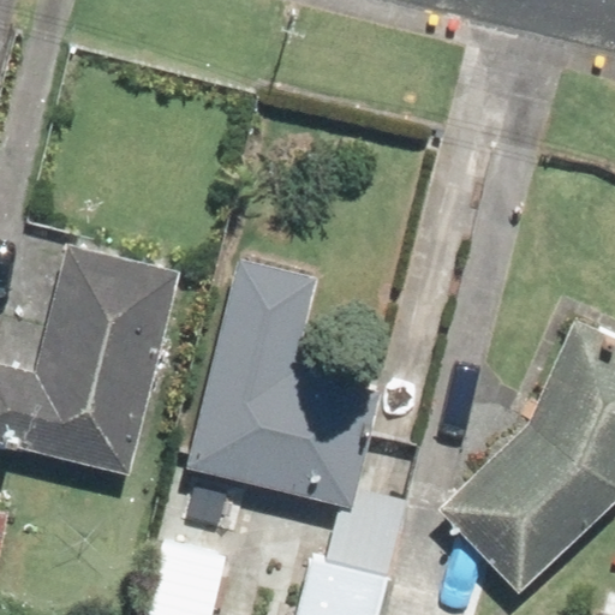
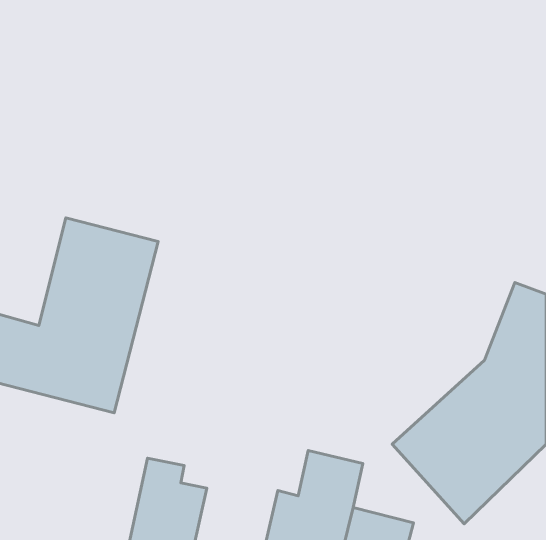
building: [187,261,380,506] -> none

